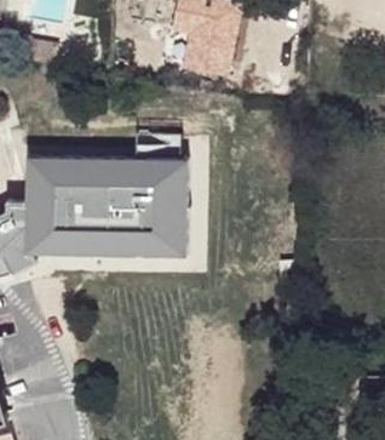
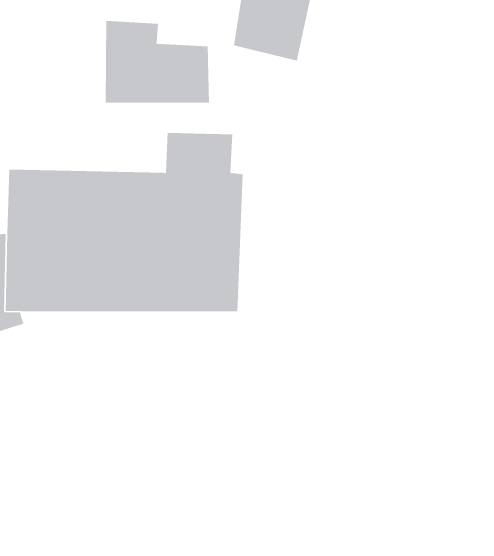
building: none -> [105,20,210,103]

